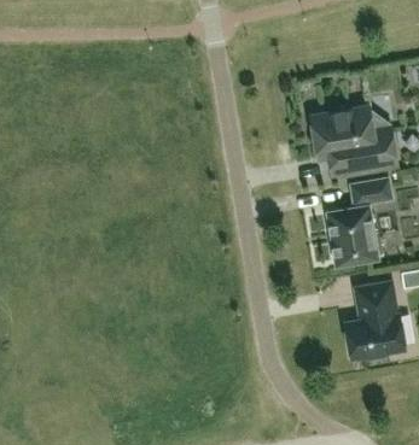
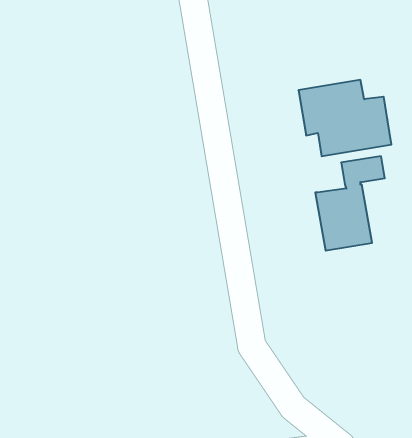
building: [345,282,405,359] -> none

